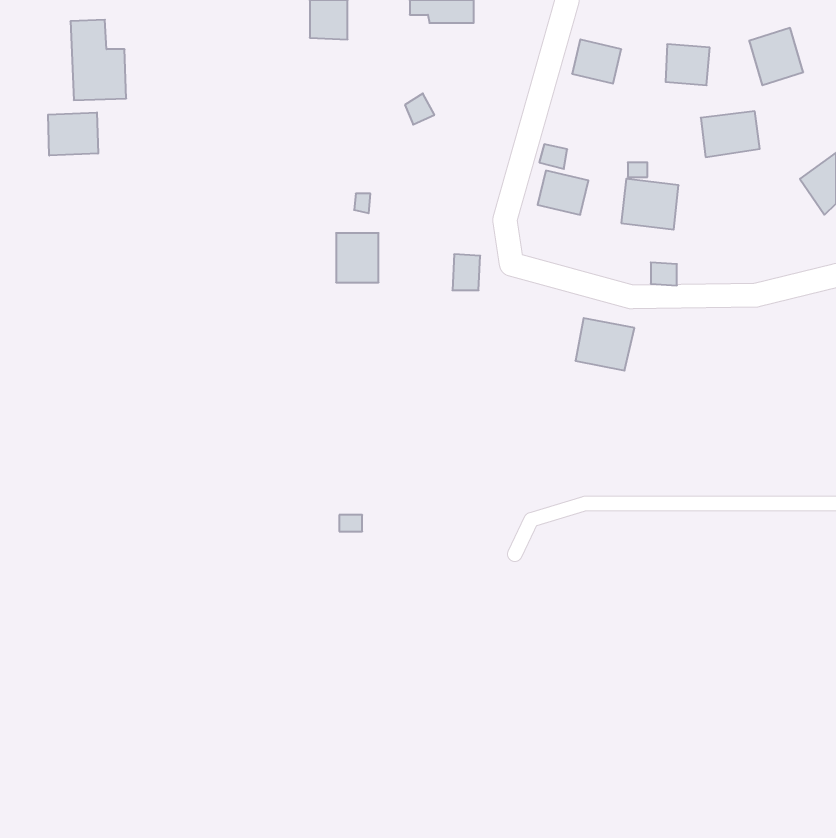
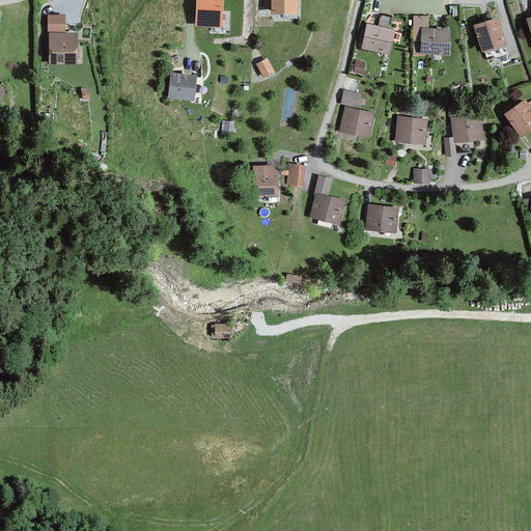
building: [701,111,760,157] -> [449,113,486,142]
building: [48,112,98,156] -> none
building: none -> [168,72,198,99]
building: [336,233,379,282] -> [253,164,280,195]
building: none -> [308,174,347,223]

